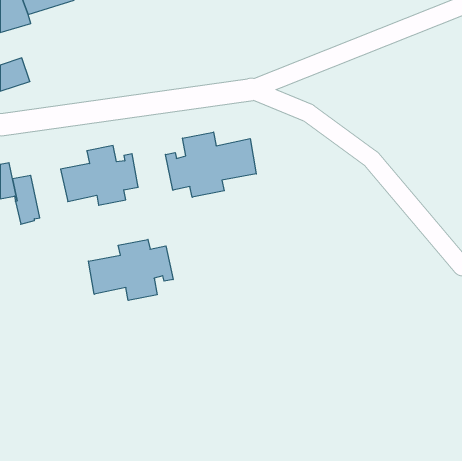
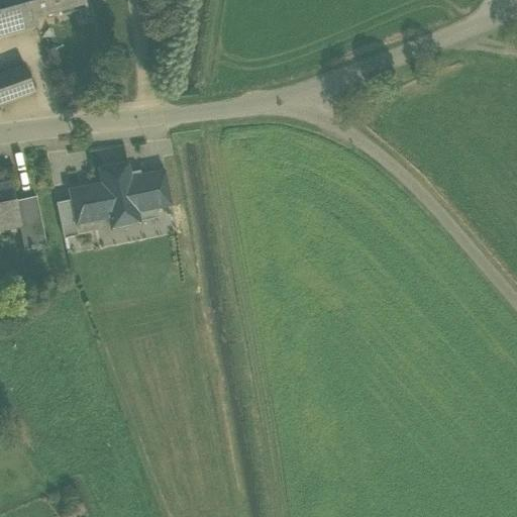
building: [165,132,256,197] -> none
building: [88,239,173,300] -> none

